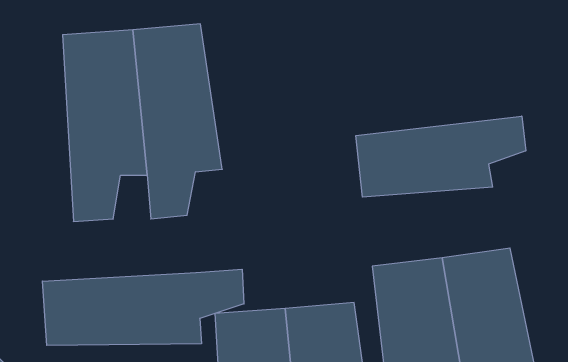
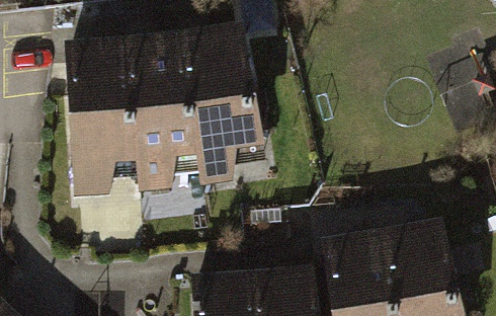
building: none -> [180,20,261,186]
building: [356,116,526,197] -> none
building: [42,269,244,345] -> none

